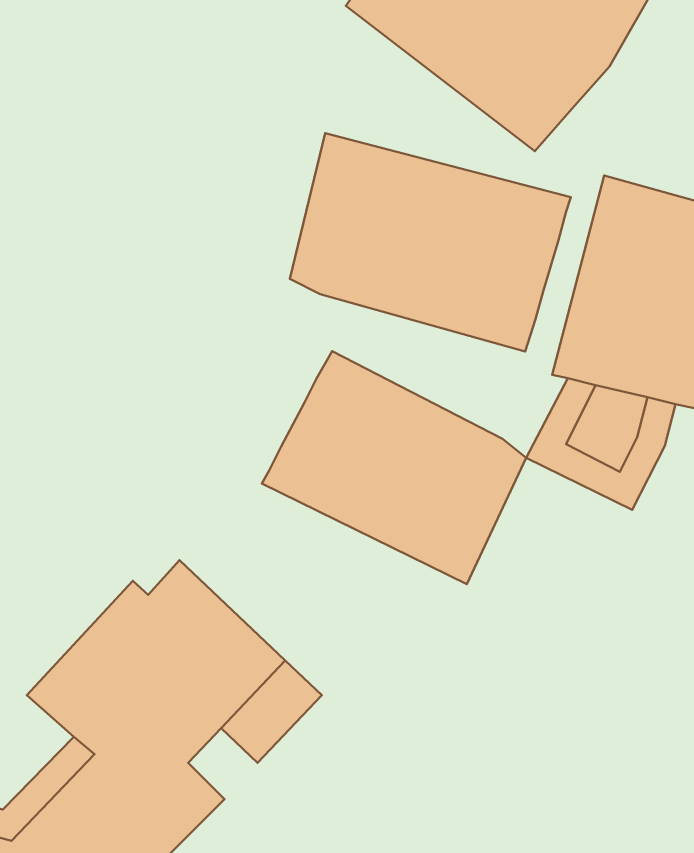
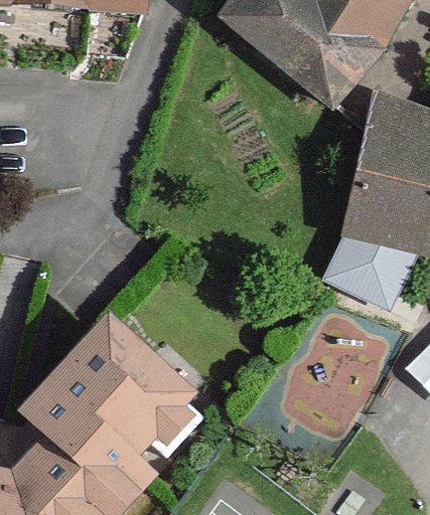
building: [290,133,571,351] -> none
building: [262,351,526,584] -> none

